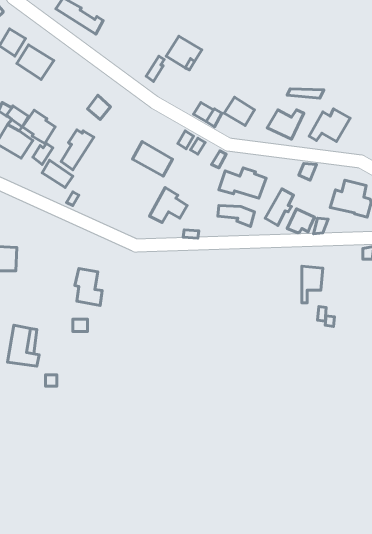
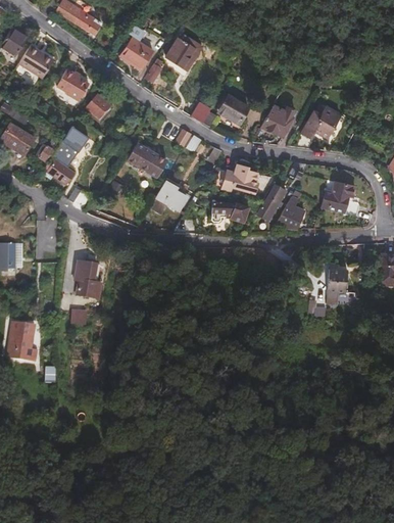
building: none -> [120,22,153,65]
building: [23,110,55,144] -> [56,68,88,101]
building: [302,266,323,303] -> [327,269,347,304]

